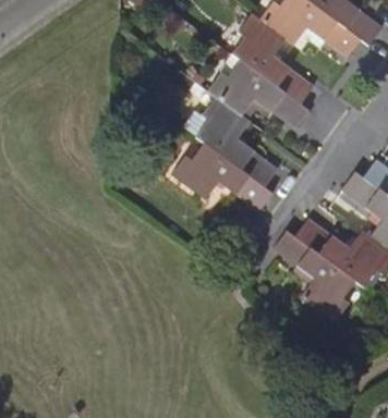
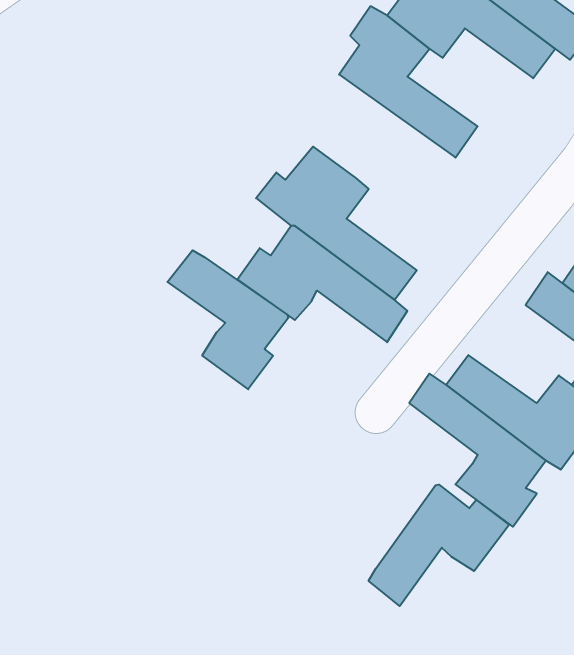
building: [207,59,308,127] -> none
building: none -> [167,250,288,389]
building: none -> [369,485,509,606]

